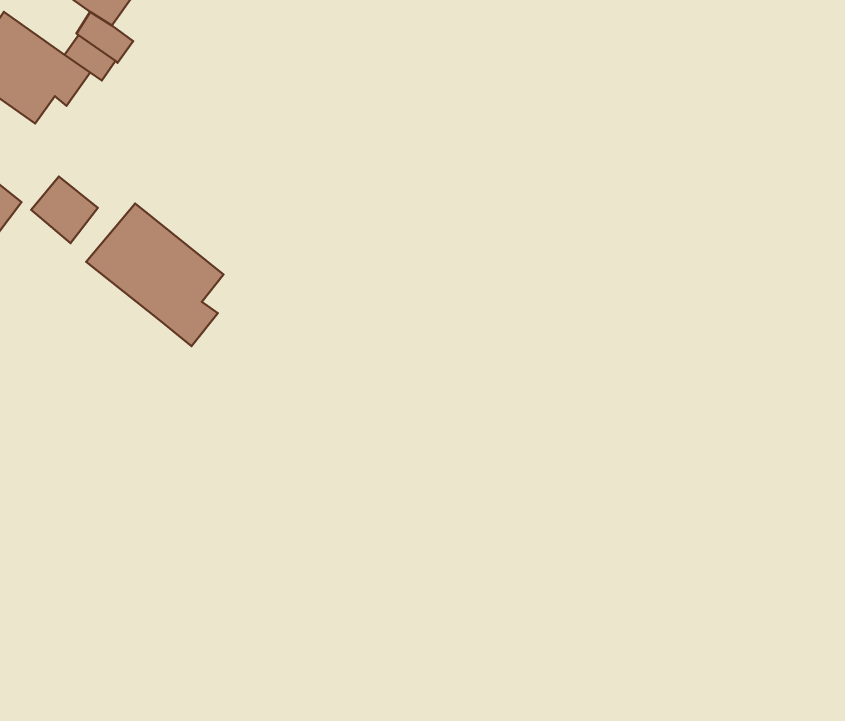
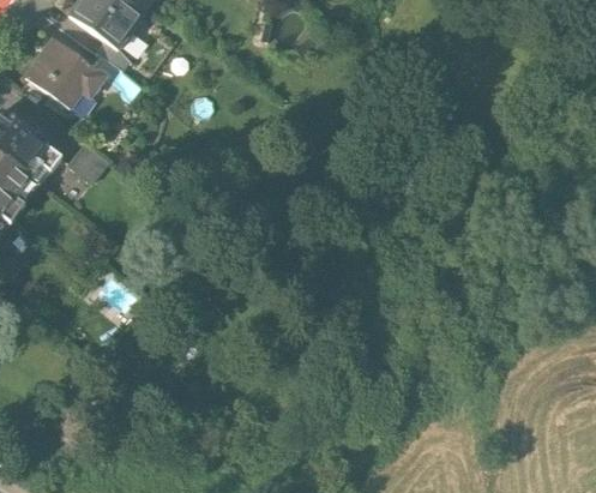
building: [86,204,224,346] -> none

